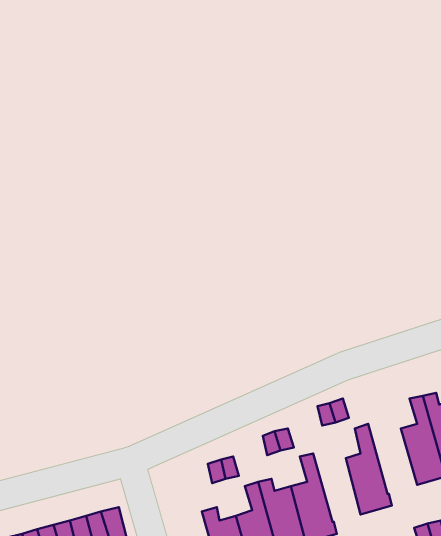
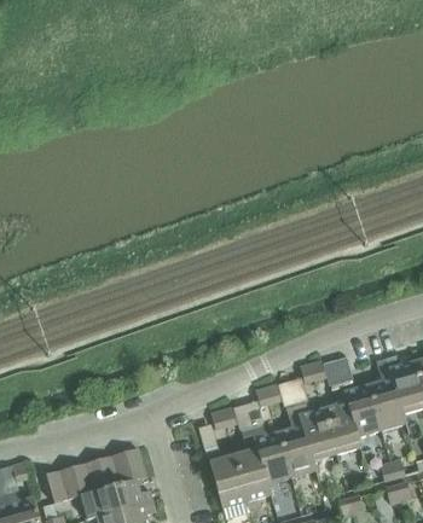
building: none -> [341,378,381,437]
building: none -> [296,401,335,460]

